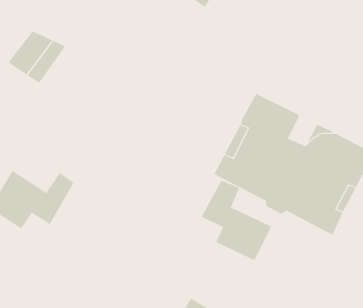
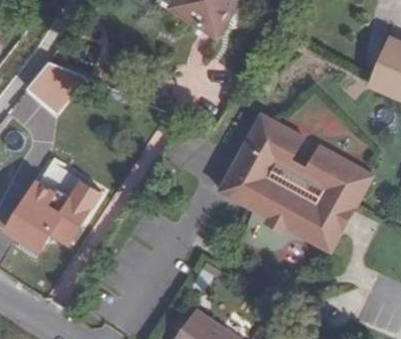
building: none -> [28,172,74,212]
building: [201,180,272,261] -> none

